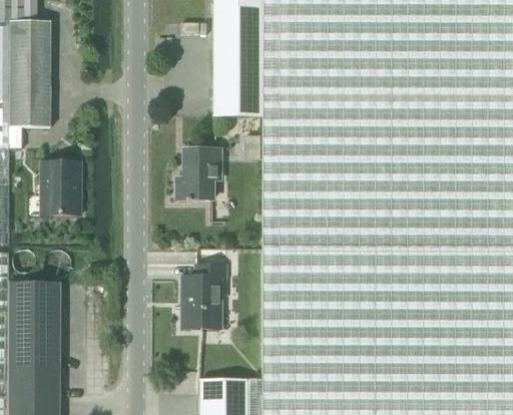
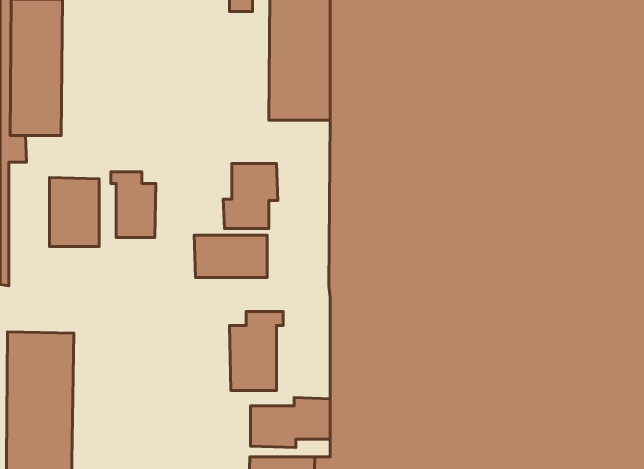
building: none -> [111,172,156,237]
building: none -> [194,235,267,278]
building: none -> [250,398,330,447]

